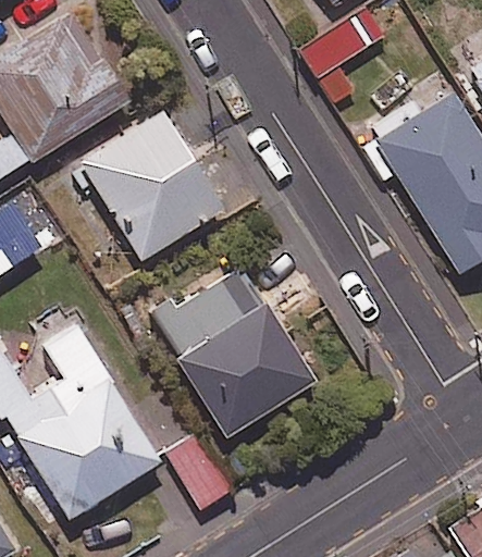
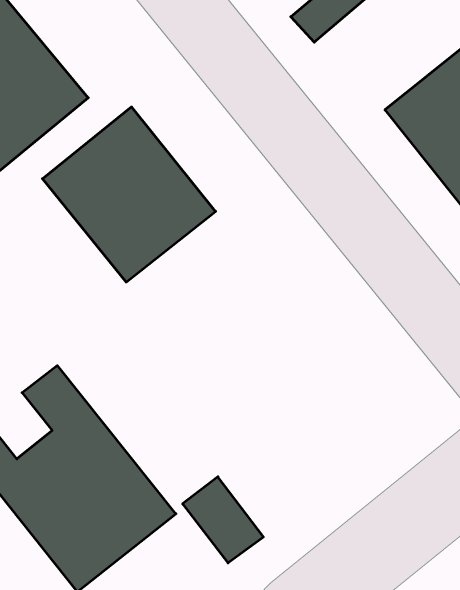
building: [153,264,314,437] -> none

